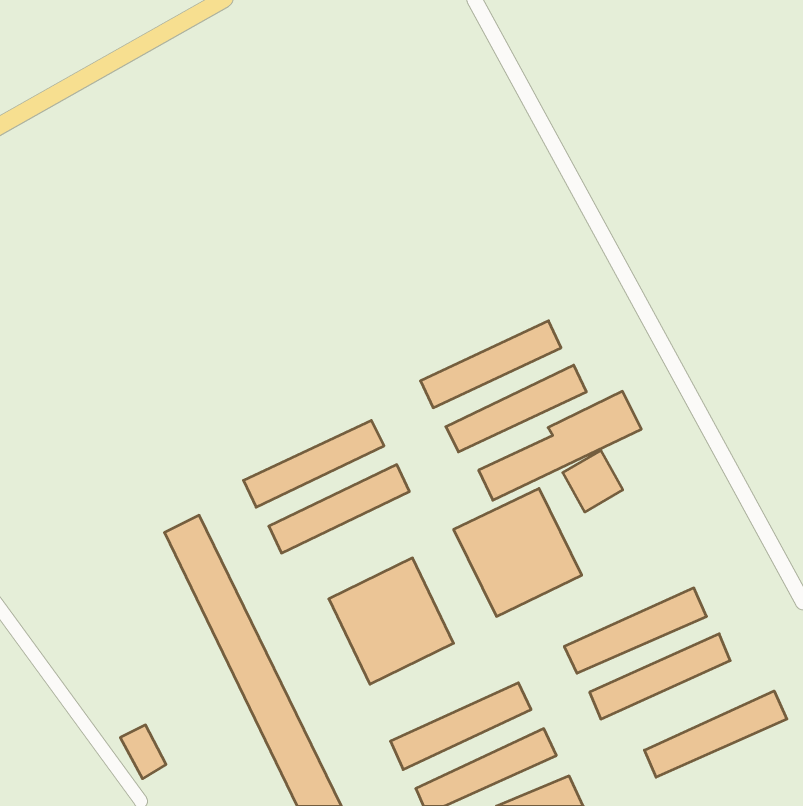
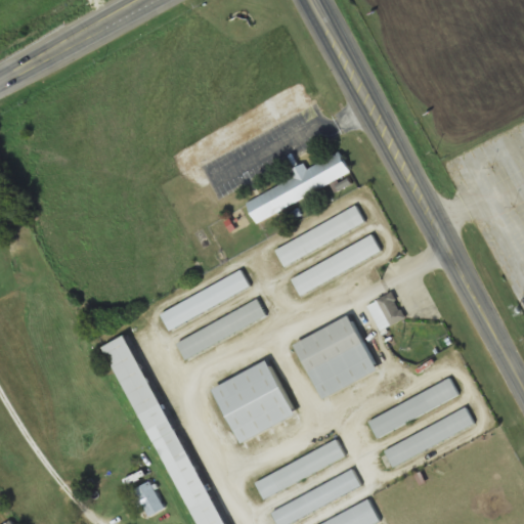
building: [479,391,641,500] -> [244,150,349,221]
building: [644,691,787,777] -> none
building: [120,725,166,779] -> [132,482,162,517]

